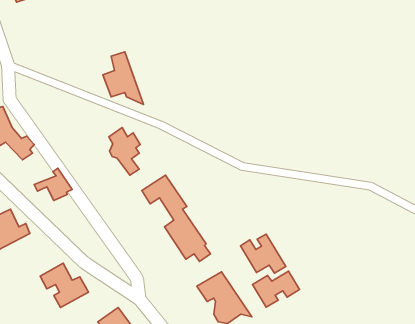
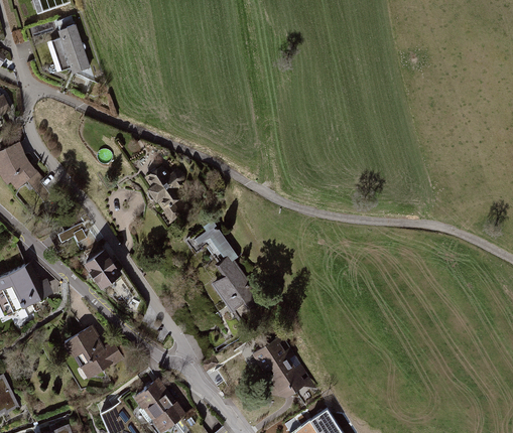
building: [103,52,143,104] -> [45,19,94,82]
building: none -> [77,248,121,287]
building: [241,234,286,273] -> none
building: [252,271,300,307] -> none

